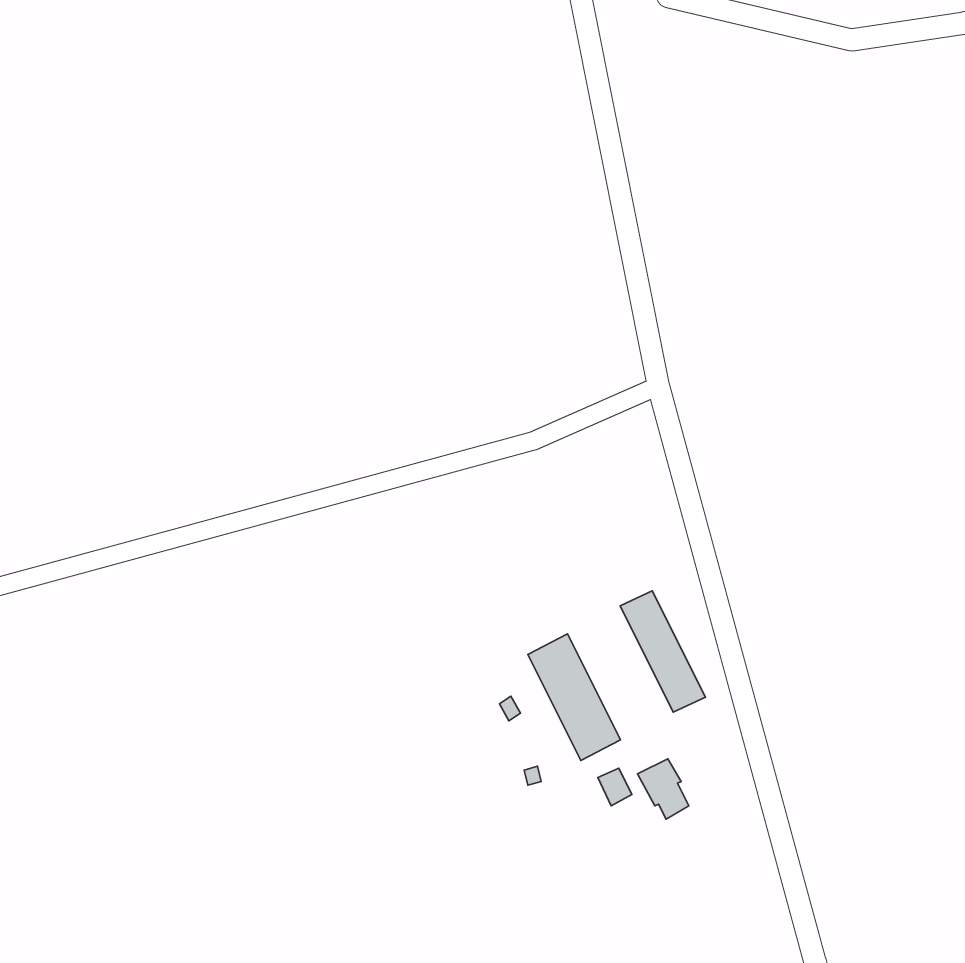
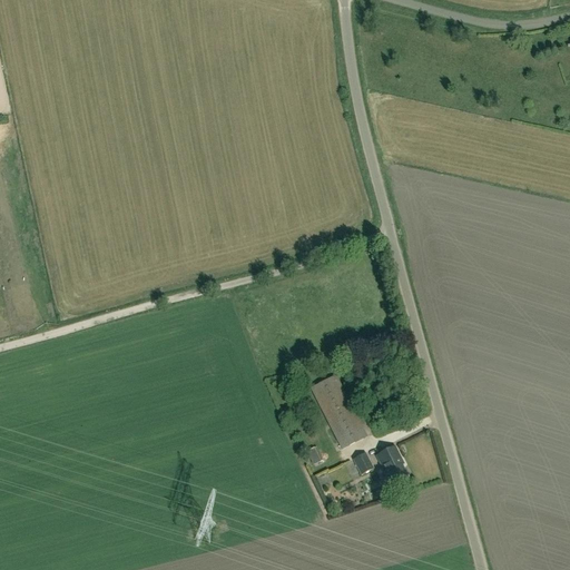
building: [620,591,705,712] -> none

